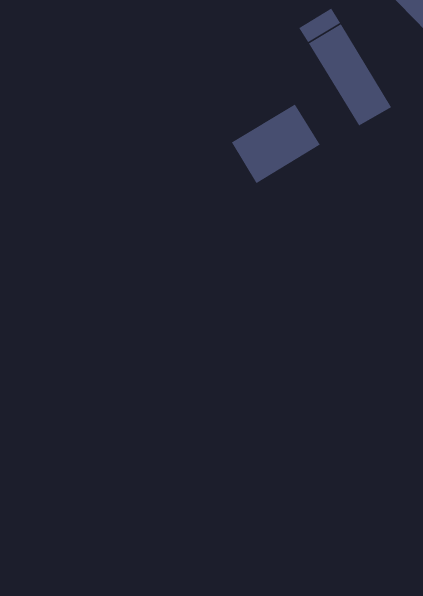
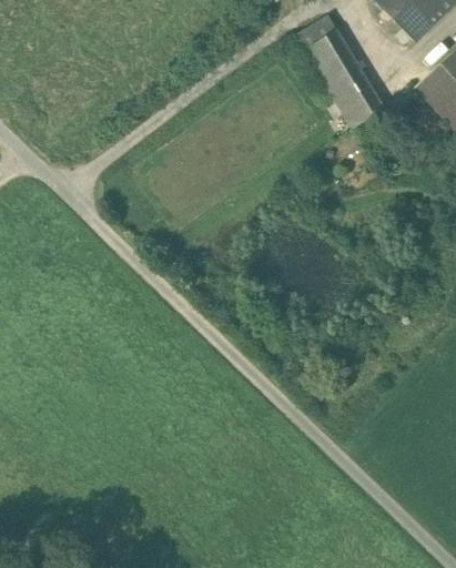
building: [231,104,321,184] -> none

